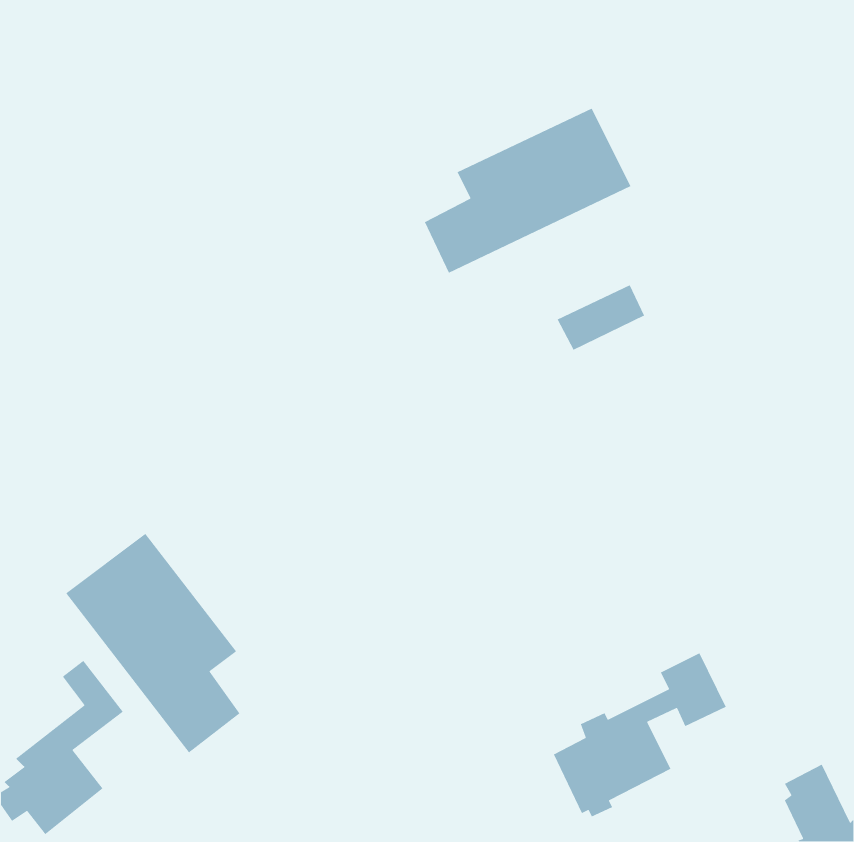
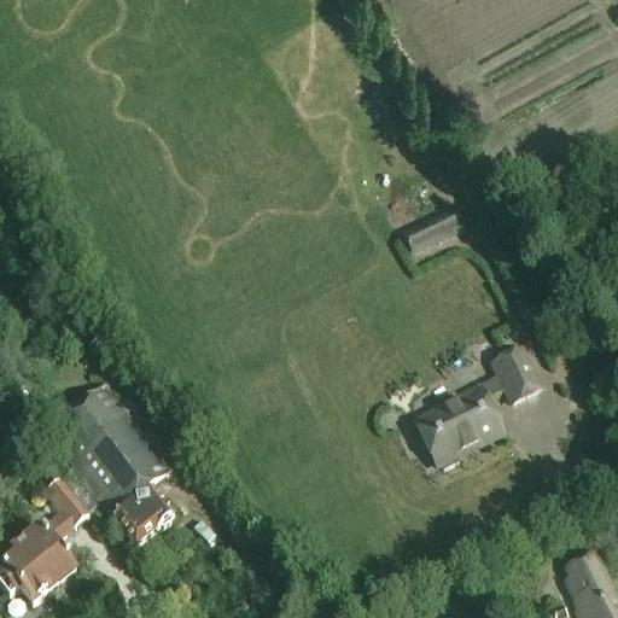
building: [424,107,631,274] -> none
building: [553,652,727,818] -> [415,346,541,466]

